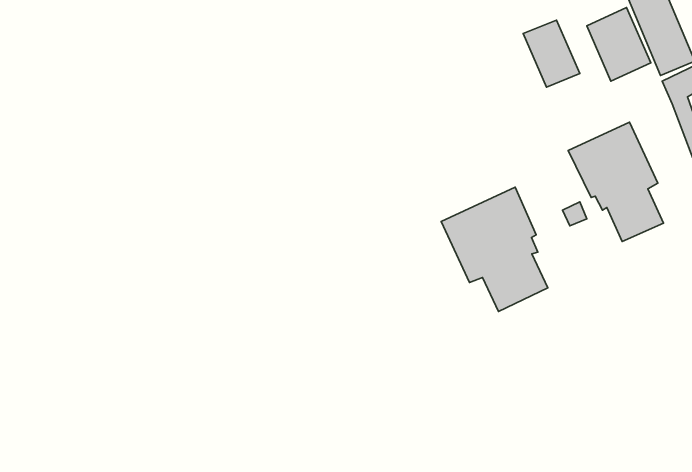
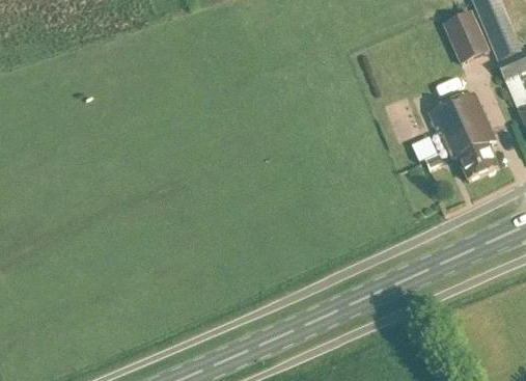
building: [523,20,580,87] -> none
building: [441,187,548,311] -> none

